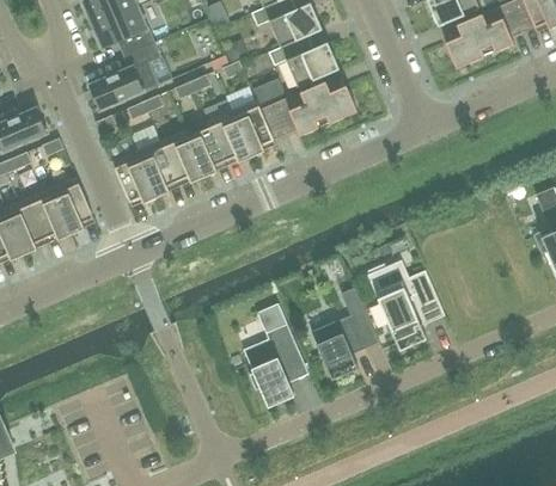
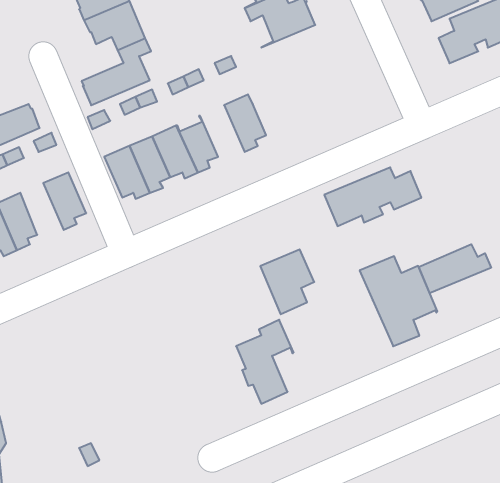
building: [268,35,338,86] -> none
building: [259,80,356,139] -> [324,167,421,226]
building: [207,109,251,161] -> none
building: [28,186,71,239] -> none
building: none -> [419,244,491,293]
building: [311,314,365,379] -> [260,249,314,314]

